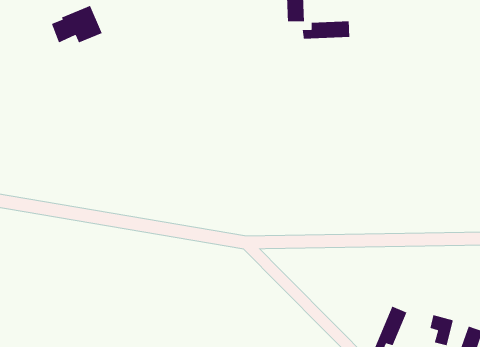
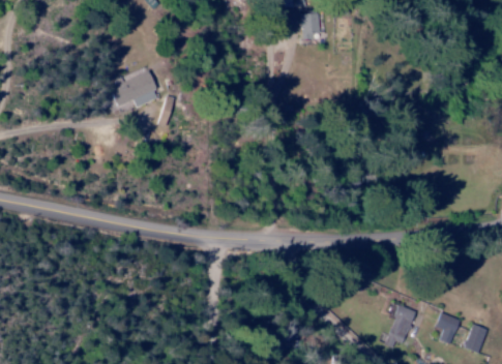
building: [51,5,103,44] -> [110,70,158,107]
building: [302,21,350,40] -> none

